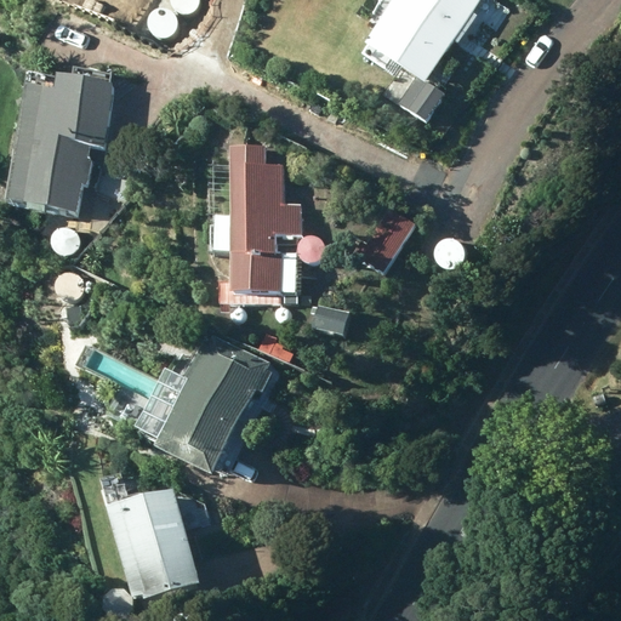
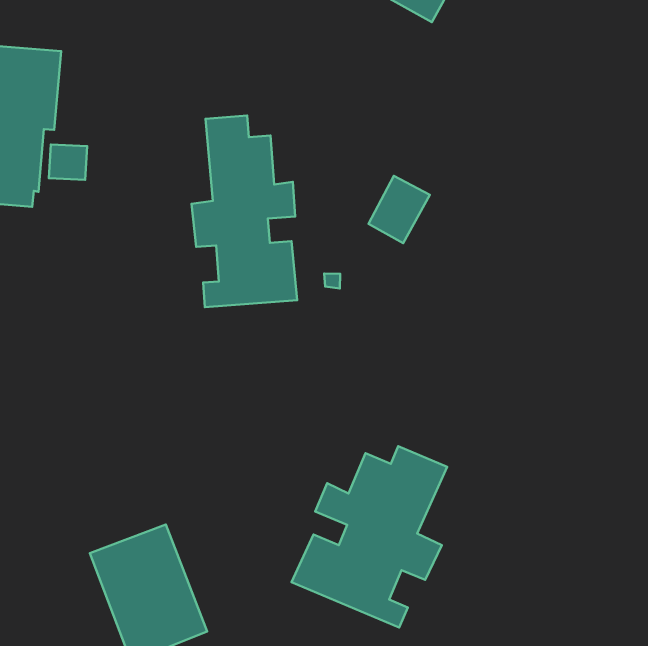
building: [158,335,270,473] -> none
building: none -> [291,446,447,628]

